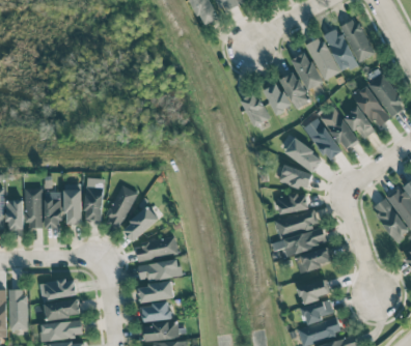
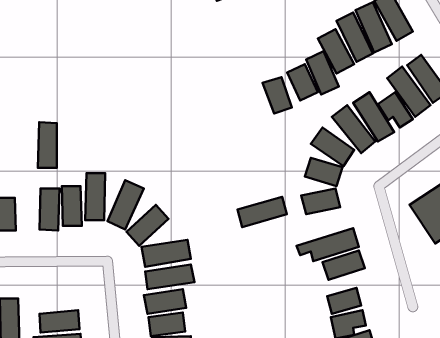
building: [26,188,43,228] -> [38,122,57,168]
building: [275,209,319,236] -> [238,197,287,227]
building: [39,279,77,298] -> none

